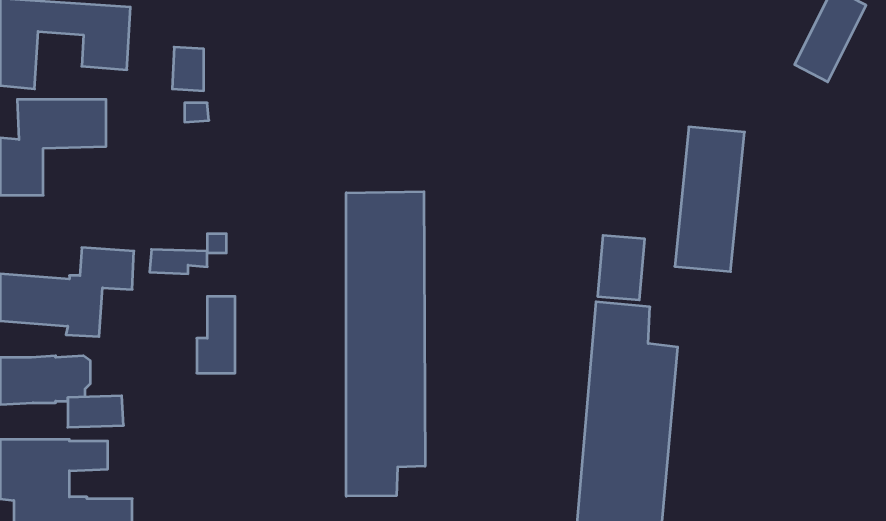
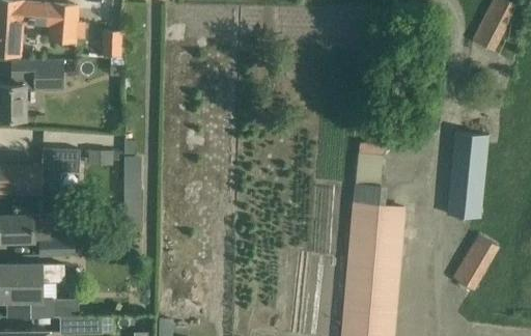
building: [675,127,745,272] -> [447,132,488,218]
building: [346,192,425,496] -> none
building: none -> [452,235,501,291]

